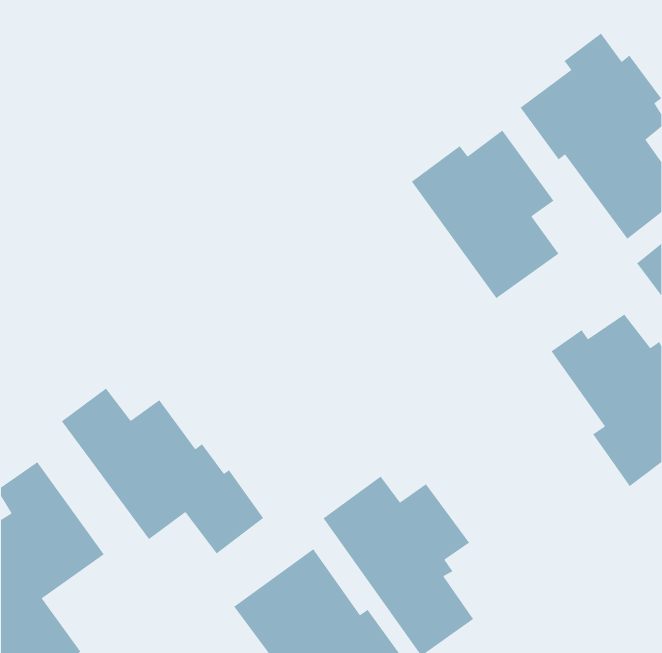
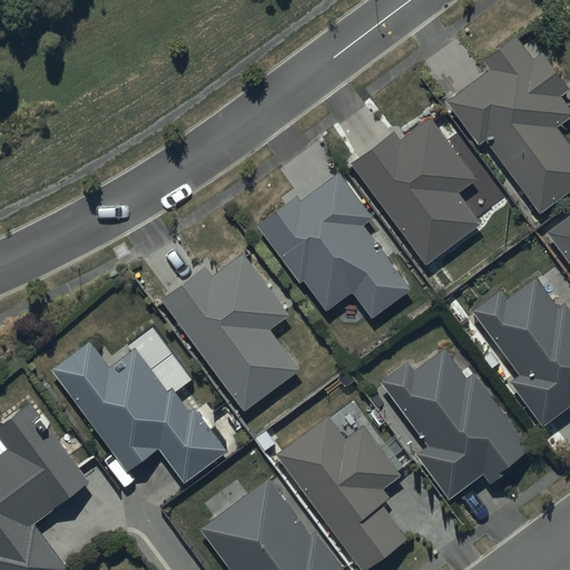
building: none -> [256,173,410,320]
building: none -> [163,254,302,411]
building: none -> [380,348,529,499]

